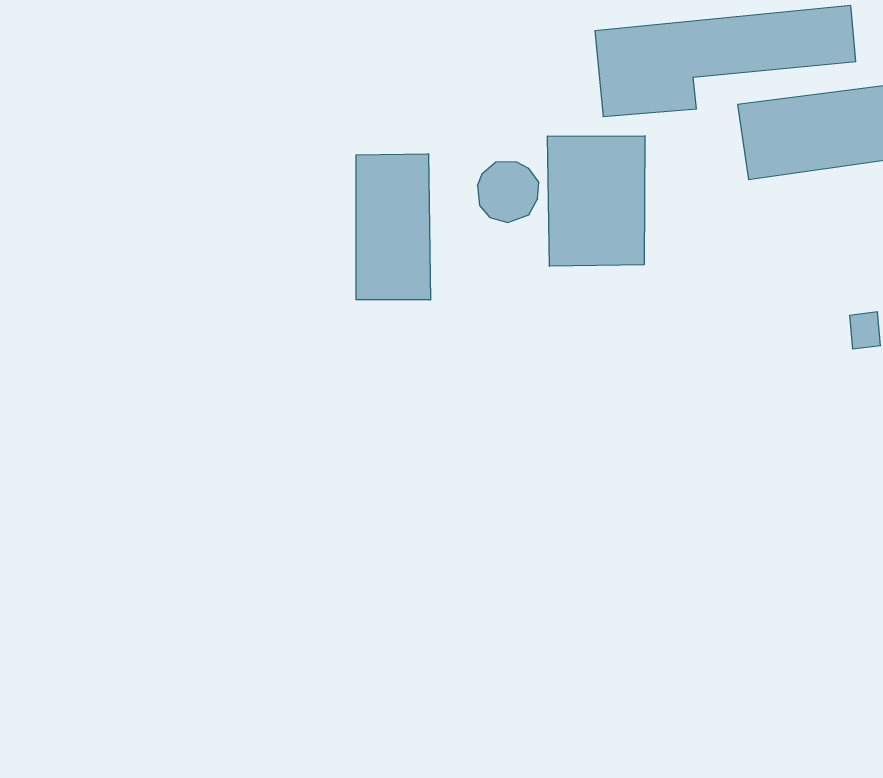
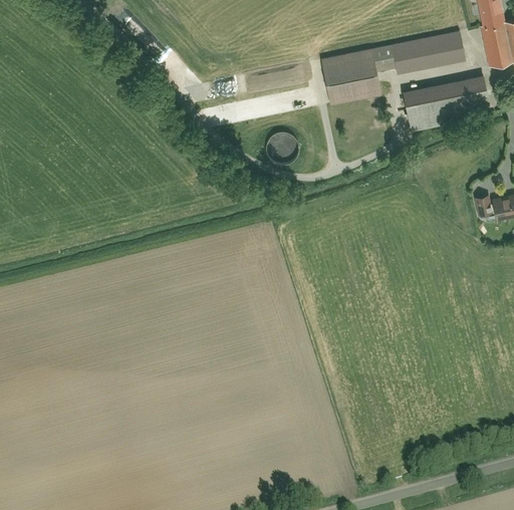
building: [548,136,645,266] -> none
building: [356,154,431,300] -> none

